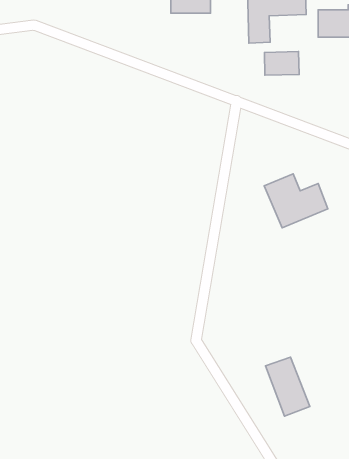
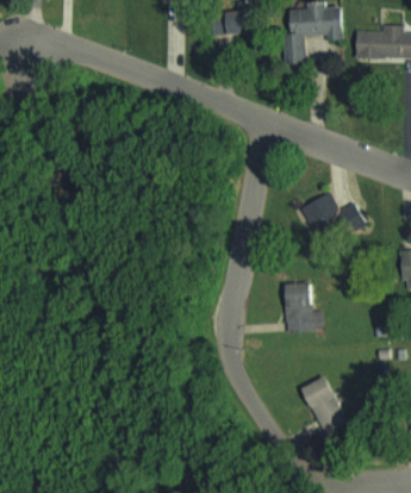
building: [264,52,299,75] -> none
building: none -> [282,283,323,332]

